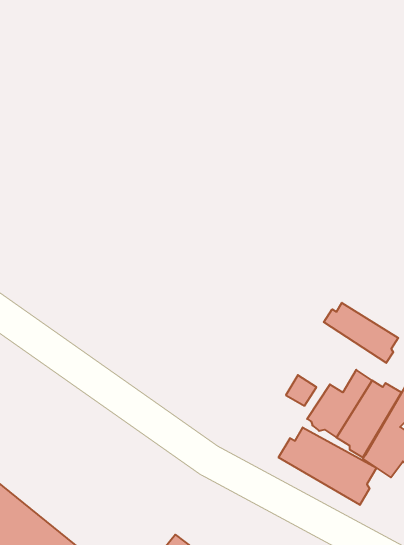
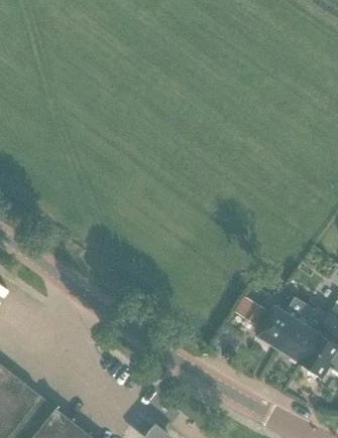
building: [324,303,398,363] -> none
building: [279,427,376,505] -> none

